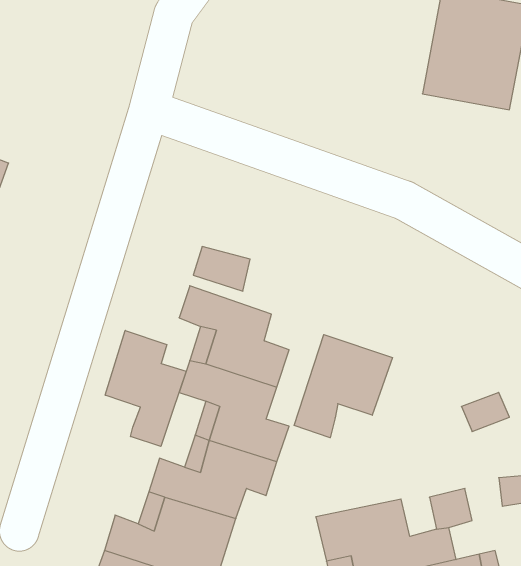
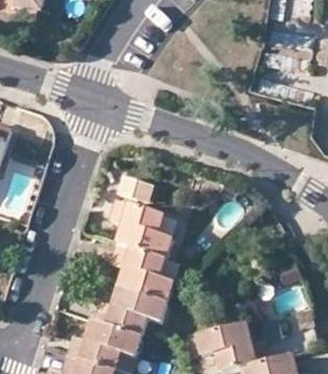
building: [105,330,186,446] -> none
building: [294,335,393,438] -> none

